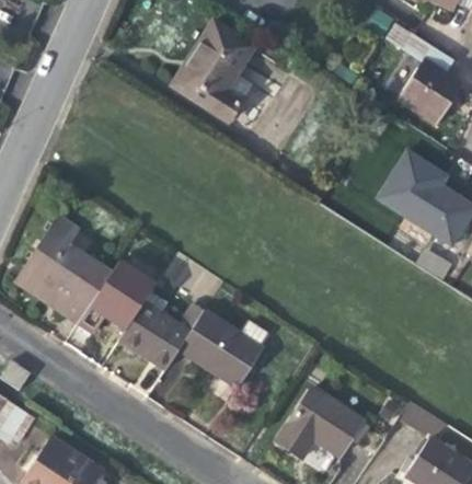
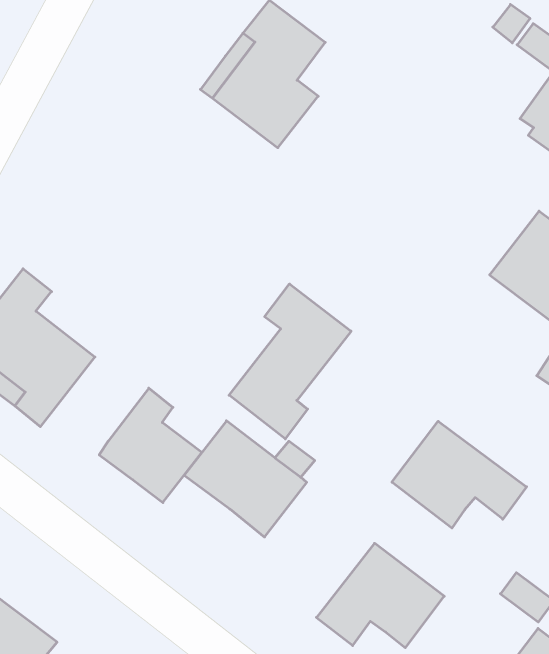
building: none -> [229,284,351,439]
building: [78,261,156,334] -> none
building: none -> [392,421,527,528]

